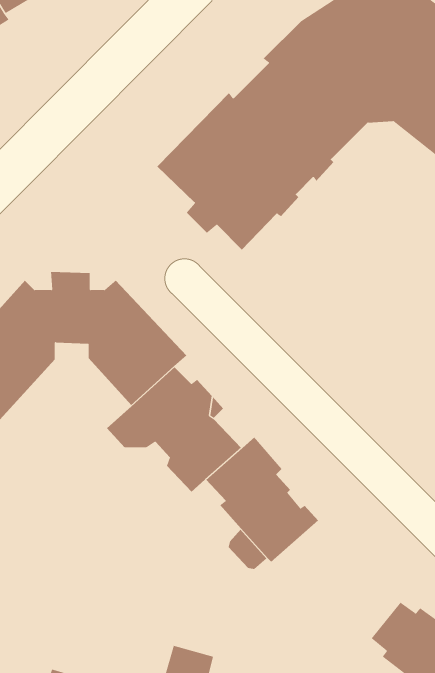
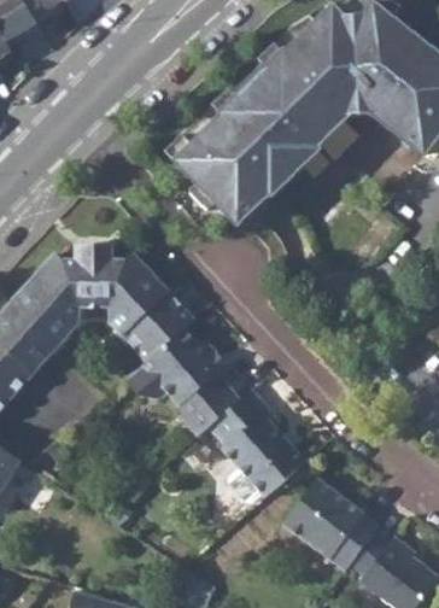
building: none -> [282,477,380,569]

